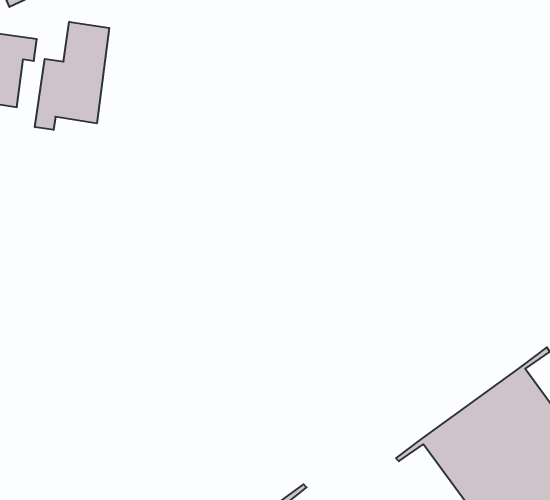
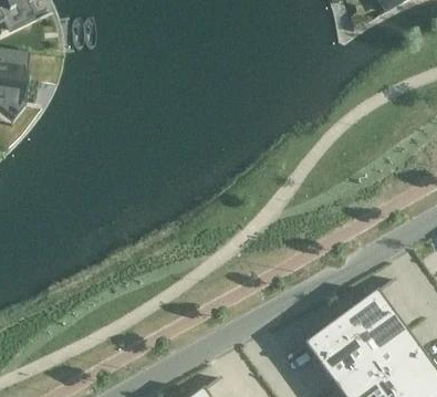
building: [35,22,109,130] -> none

